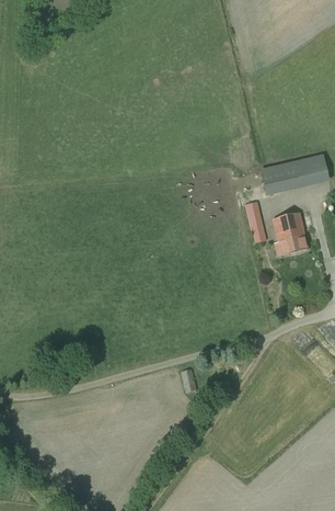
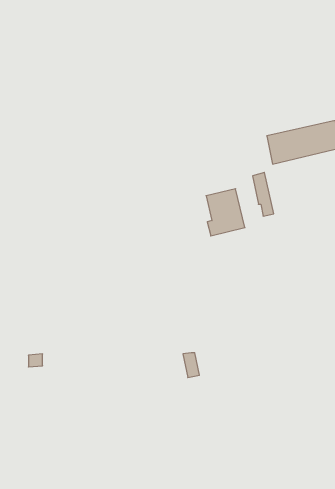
building: [273,213,309,257] -> [206,189,245,236]

